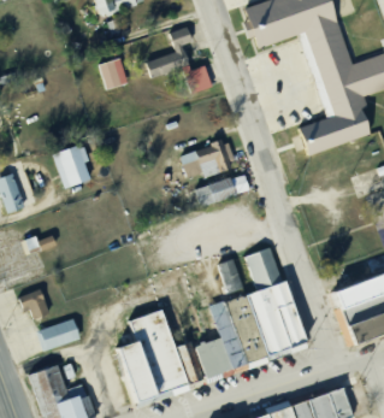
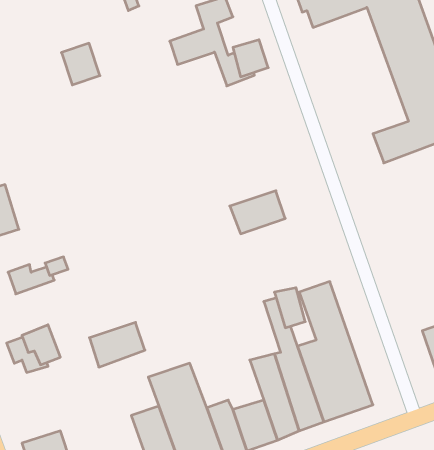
building: [100,57,130,89] -> [61,43,100,85]
building: [182,139,236,179] -> none
building: [54,146,91,189] -> none
building: [37,317,81,352] -> [89,322,145,367]

